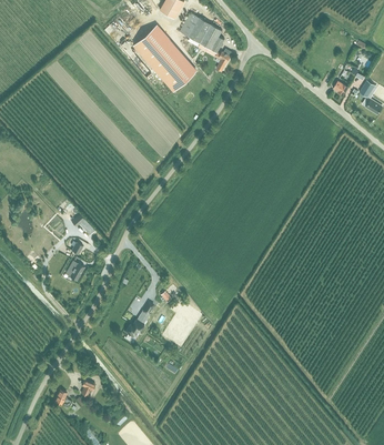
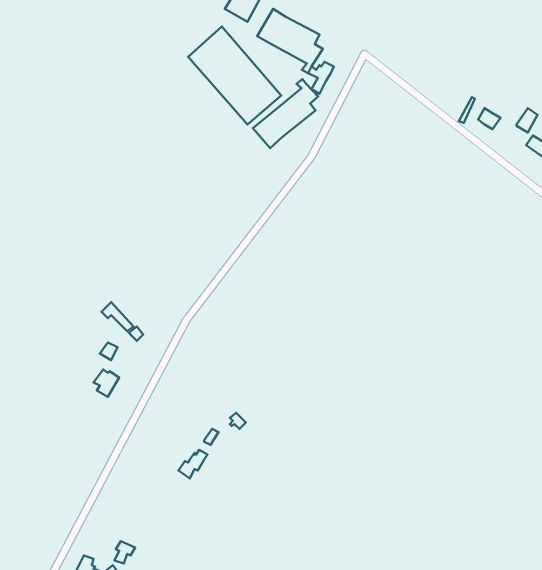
building: none -> [253,79,318,148]

